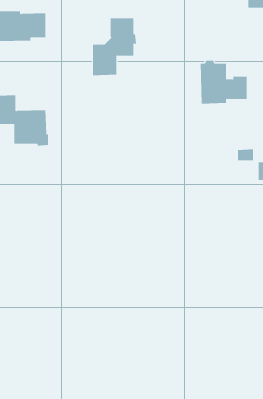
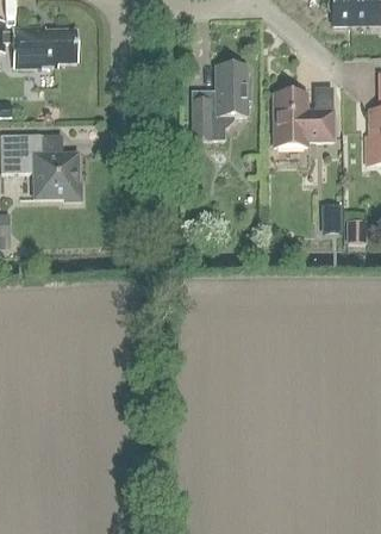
building: [92,18,137,76] -> [193,66,250,139]

